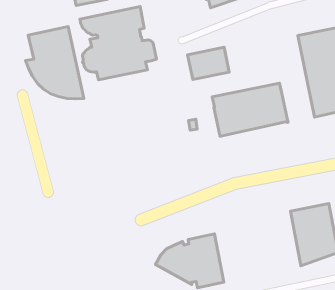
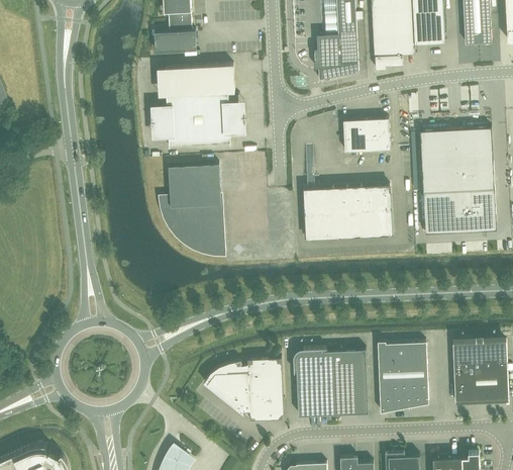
building: [26,26,84,99] -> [160,165,223,256]
building: [187,47,229,80] -> [342,119,390,153]
building: none -> [293,349,368,416]

